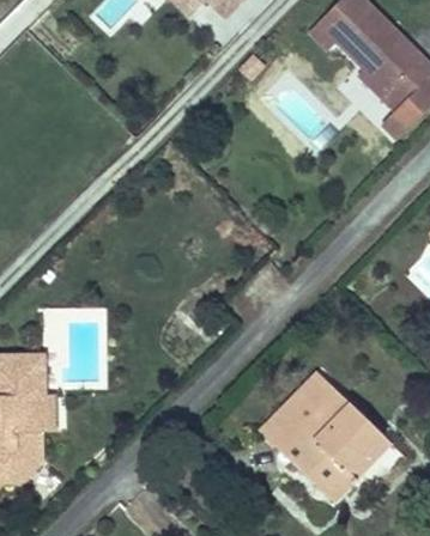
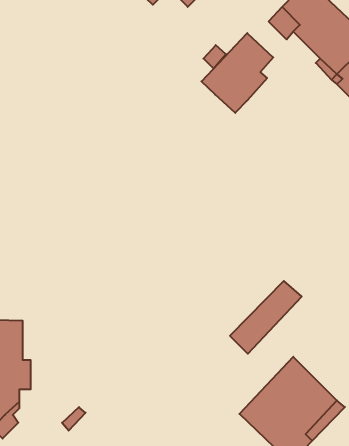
building: none -> [201,33,273,113]
building: [258,372,334,450] -> [230,281,302,354]

